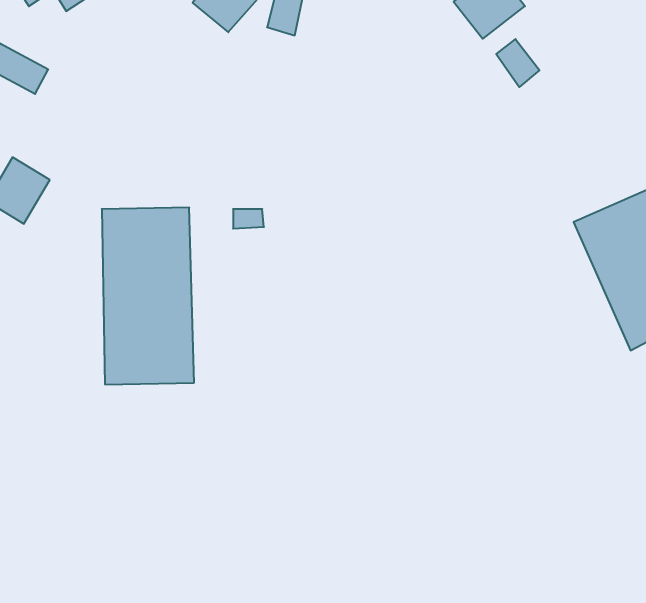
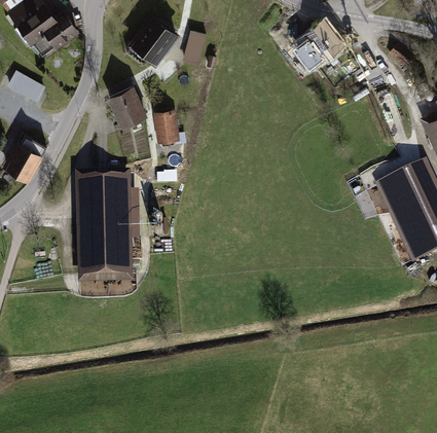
building: [496,39,539,87] -> none
building: none -> [109,88,145,130]
building: none -> [152,110,179,142]

